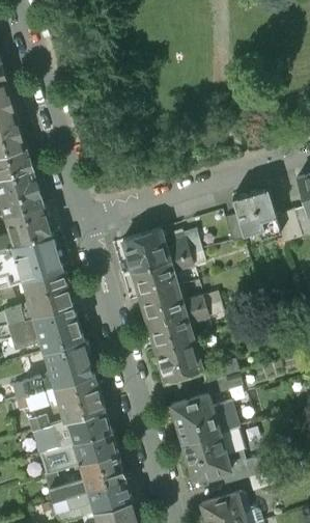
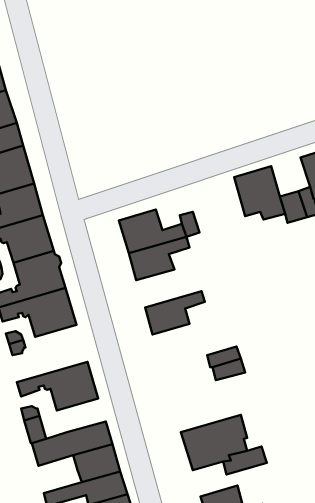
building: [139,287,201,324] -> none
building: [154,339,200,384] -> none
building: [21,340,92,395] -> none
building: [170,394,238,443] -> none
building: [66,411,110,443] -> none
building: [44,472,87,501] -> none

